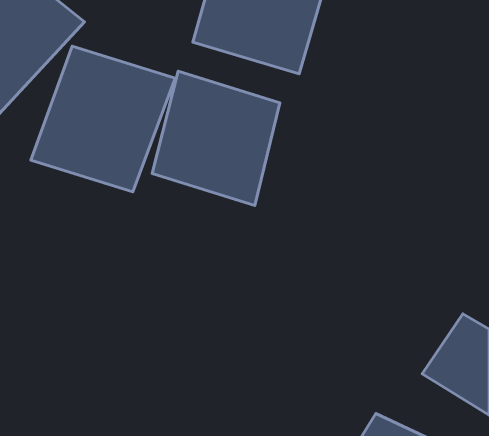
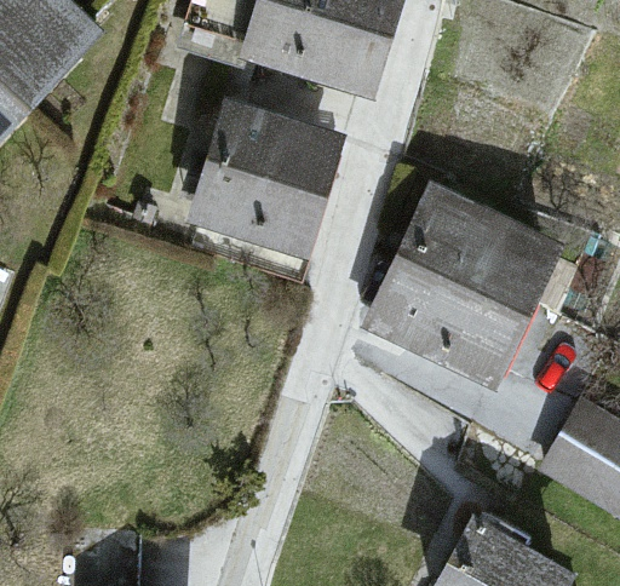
building: [31,46,175,192] -> none
building: none -> [362,177,559,389]

